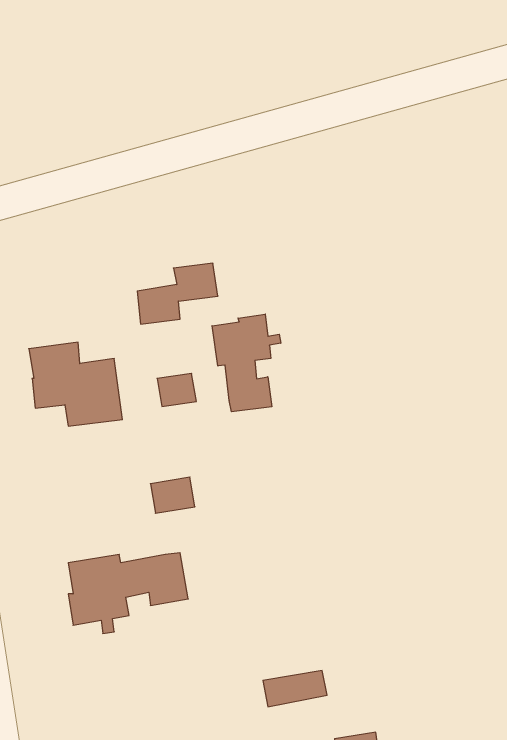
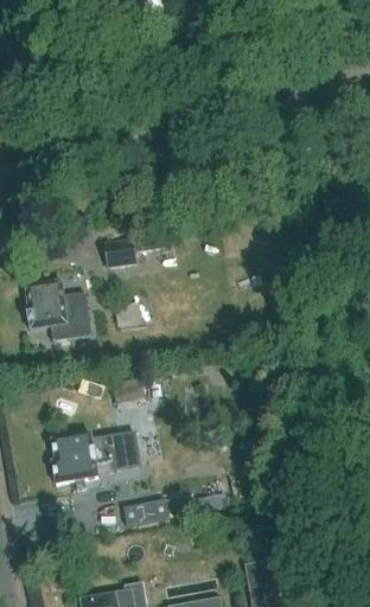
building: [212,314,281,412] -> none
building: [263,671,327,707] -> [123,500,170,526]

